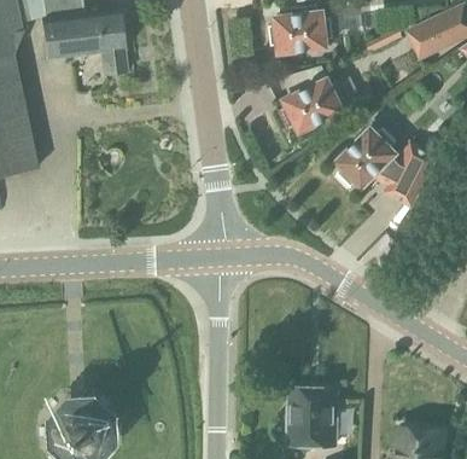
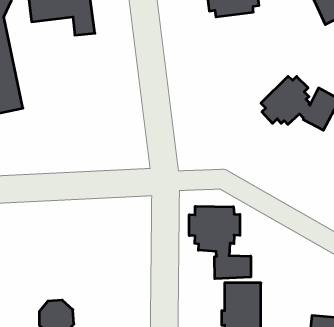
building: [281,77,346,130] -> none
building: none -> [189,206,251,279]

